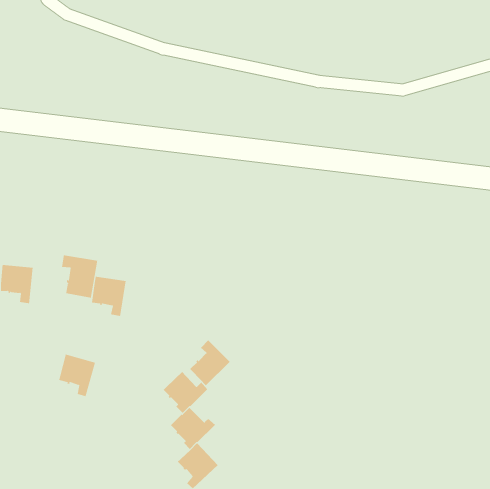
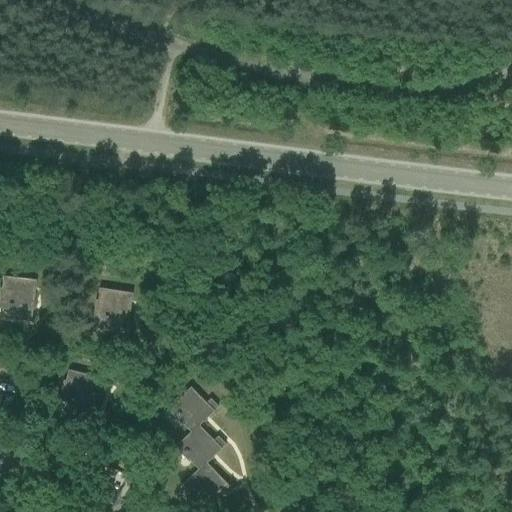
building: [58,254,98,298] -> none
building: [185,339,230,386] -> none

